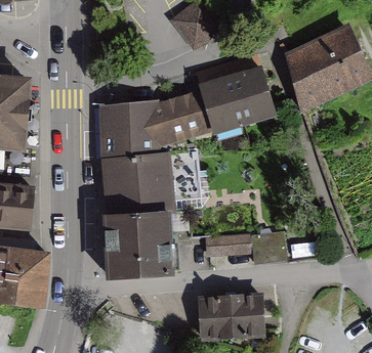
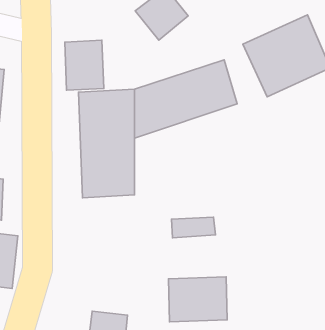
building: none -> [65,40,104,90]
building: [101,210,177,269] -> none

